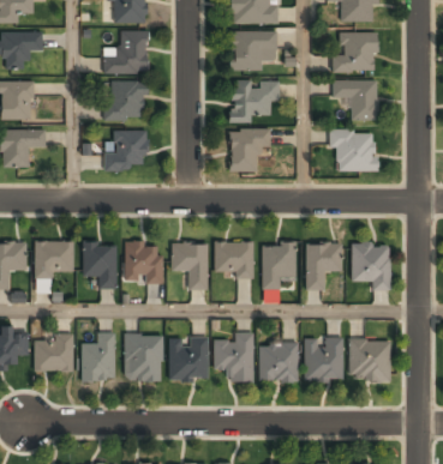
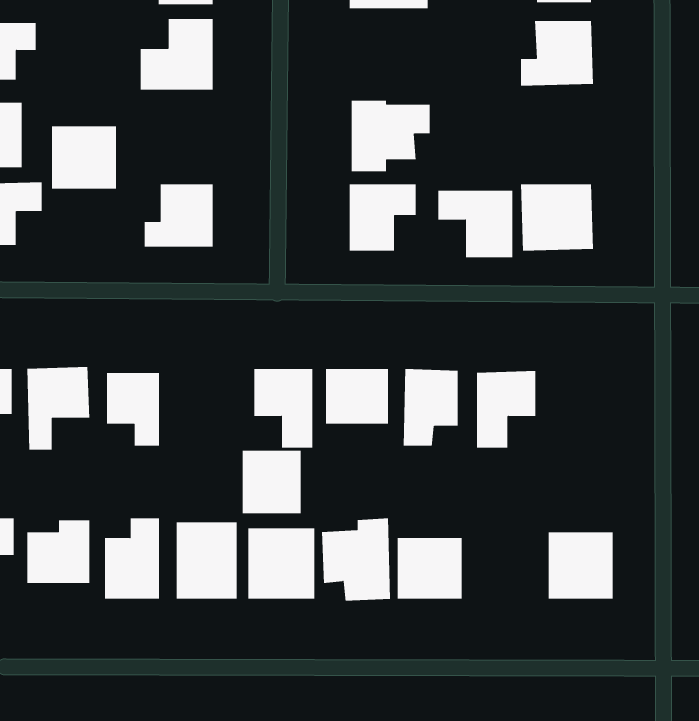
building: [229,32,276,71] -> none
building: [333,80,378,121] -> [437,190,513,258]
building: [106,82,145,120] -> [51,126,117,189]
building: [352,243,390,290] -> none
building: [126,245,162,283] -> [242,450,301,514]
building: [304,338,343,381] -> none

